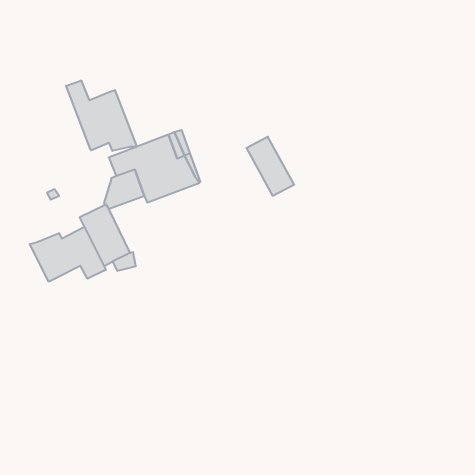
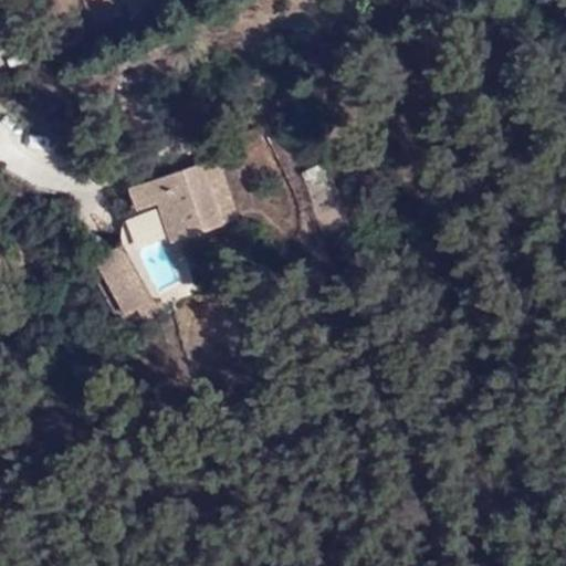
building: [66,80,137,151] -> none
building: [30,227,106,282] -> none

